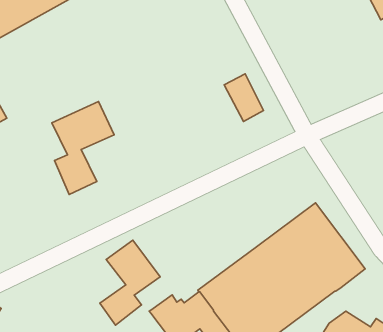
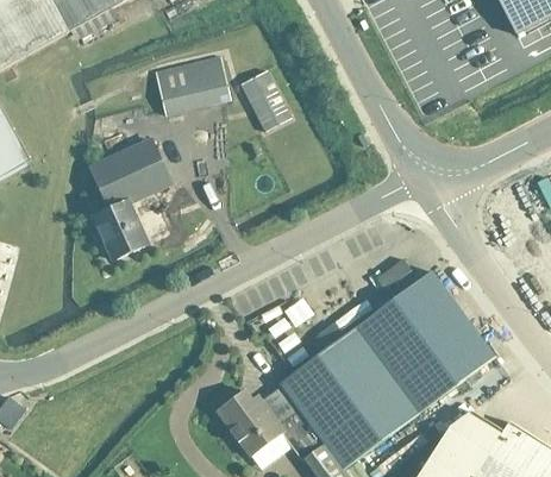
building: none -> [154,54,231,115]
building: [224,74,264,121] -> [239,69,290,131]
building: [100,240,160,325] -> none

